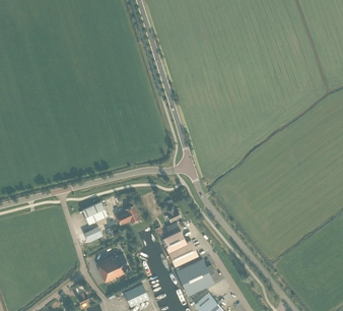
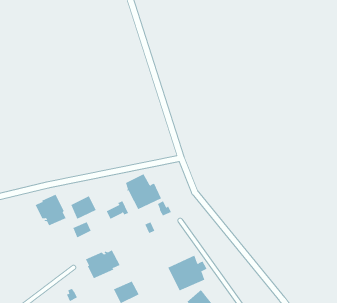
building: none -> [35,194,67,226]
building: [161,231,197,266] -> [125,173,162,210]

